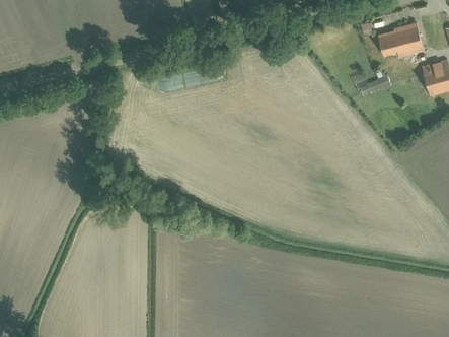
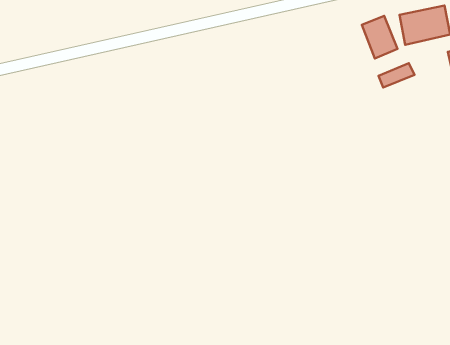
building: none -> [362,16,398,59]

